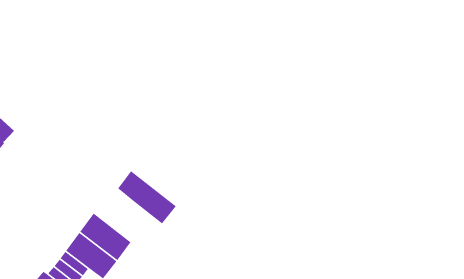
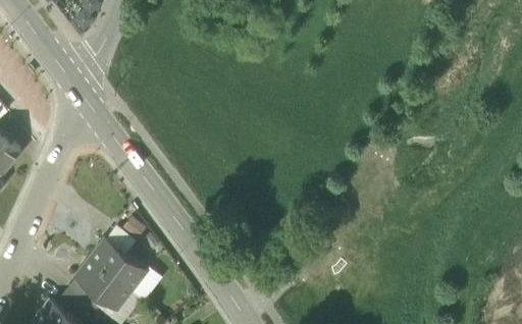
building: [117,170,177,224] -> none

